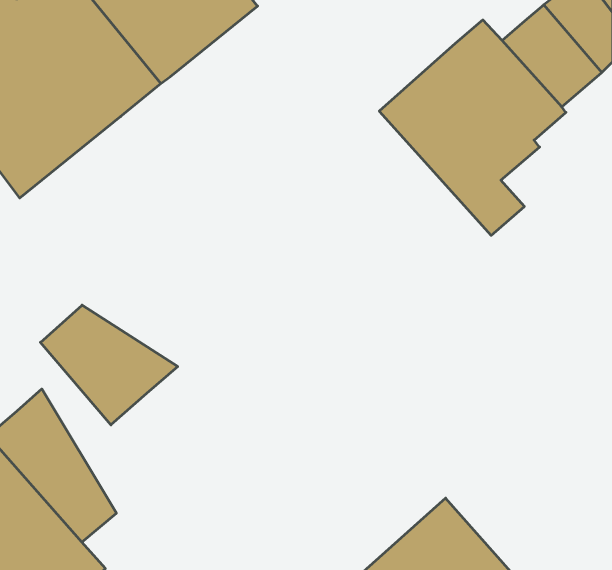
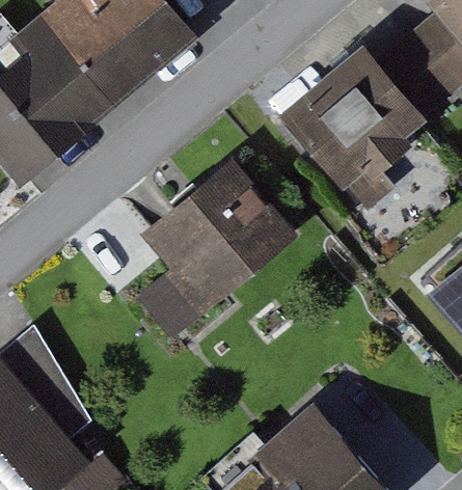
building: none -> [137,162,290,335]
building: [40,305,178,425] -> none

